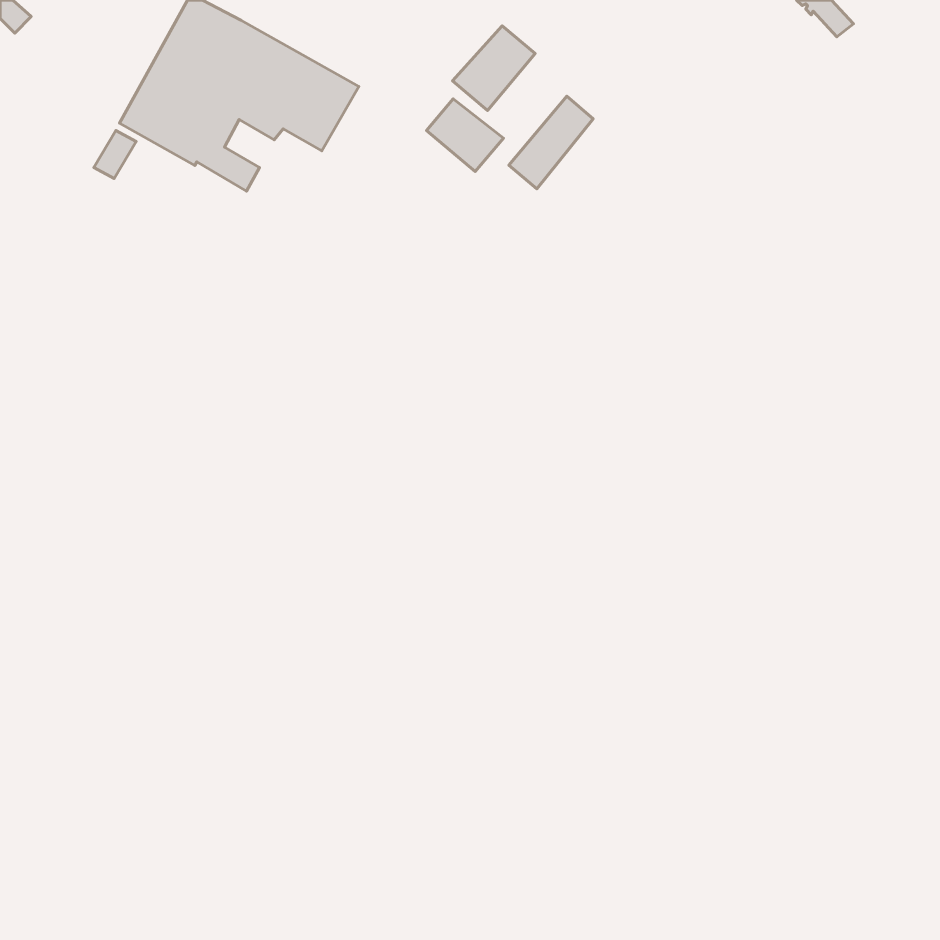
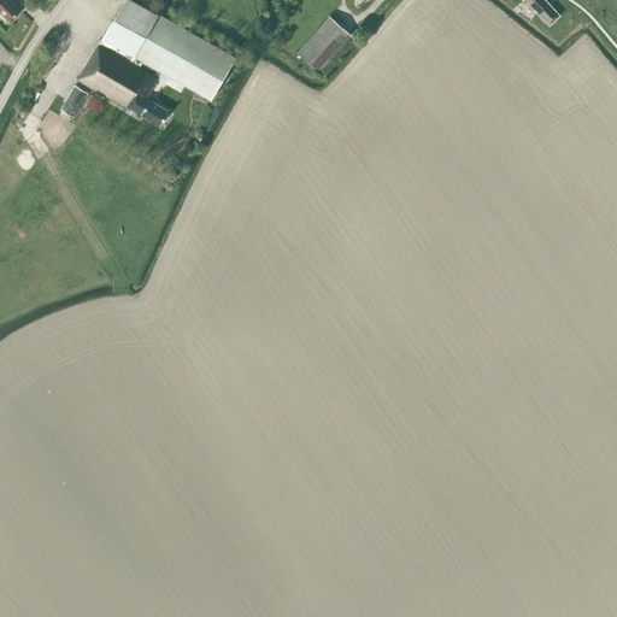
building: [509,96,593,189] -> none
building: [426,99,504,172] -> none

